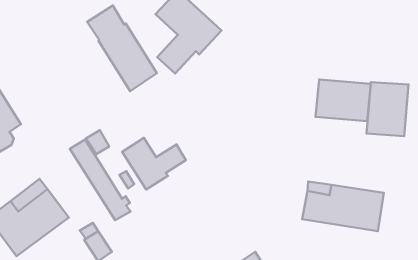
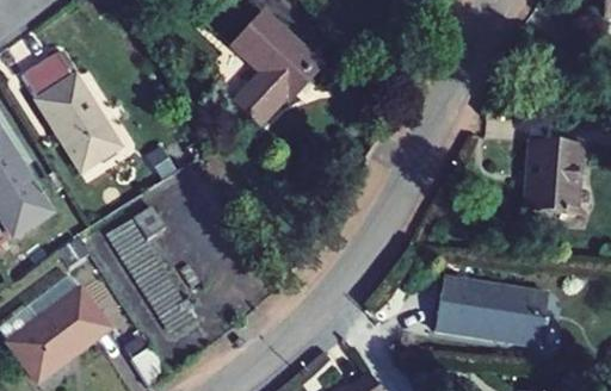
building: [87,6,157,91] -> [24,52,121,172]
building: [315,79,371,121] -> none
building: [122,138,186,190] -> none

